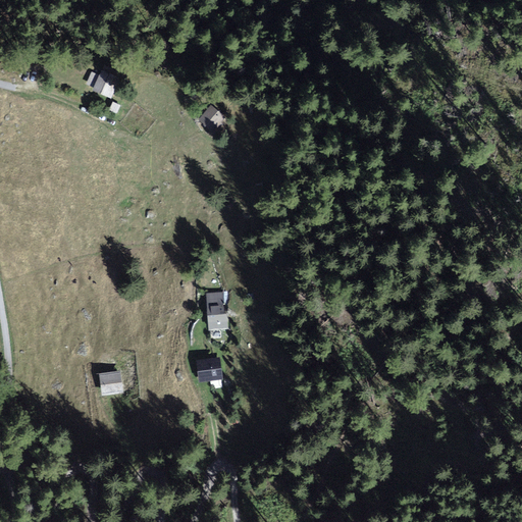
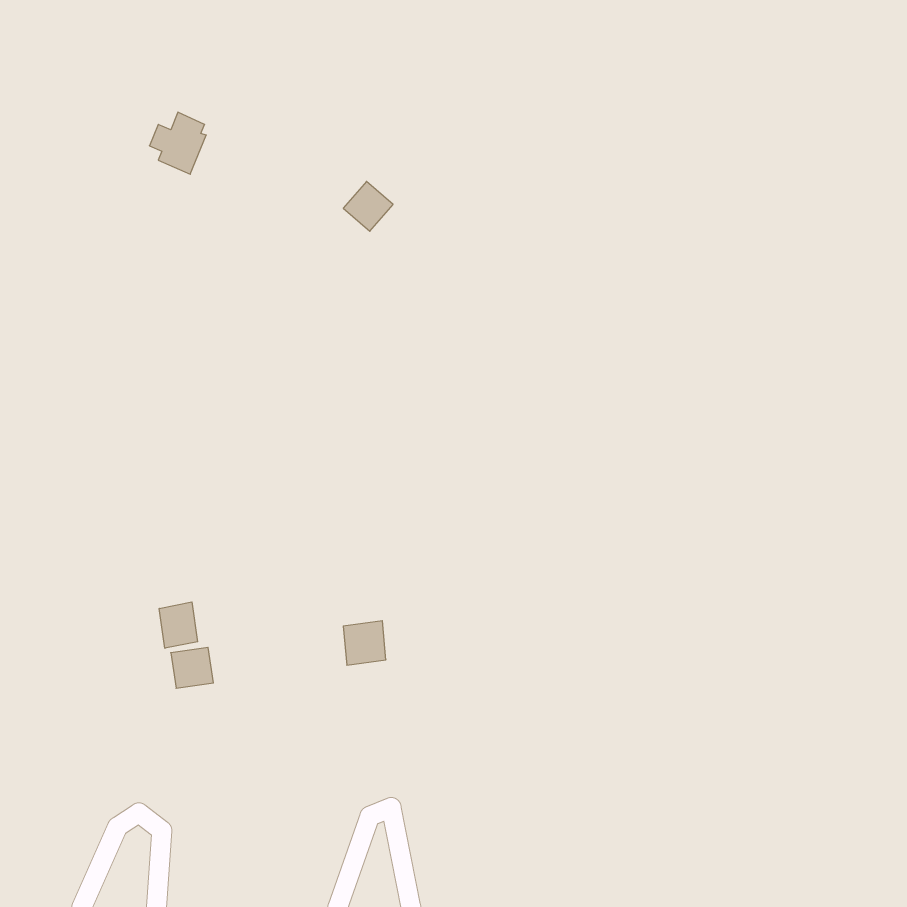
building: [206,292,226,327] -> none
building: none -> [159,602,198,648]

